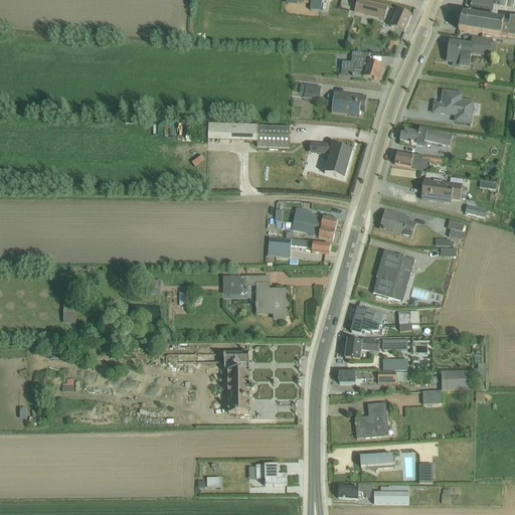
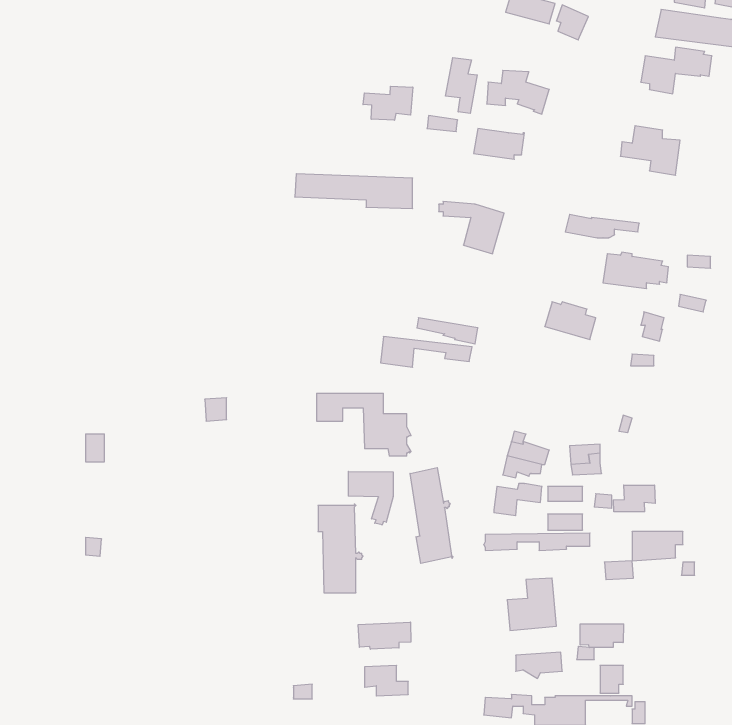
building: none -> [446,58,477,113]
building: none -> [363,86,413,120]
building: [399,126,452,144] -> none
building: [293,205,337,228] -> none
building: [373,248,414,297] -> none
building: none -> [410,468,453,563]
building: none -> [348,471,393,525]
building: none -> [613,485,655,512]
building: none -> [358,622,411,649]
building: none -> [580,624,624,648]

